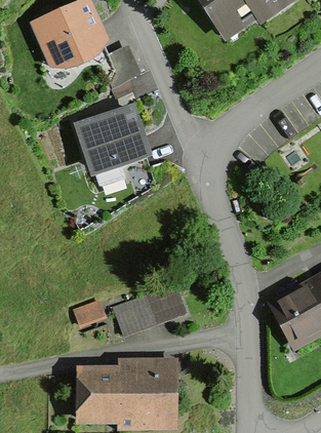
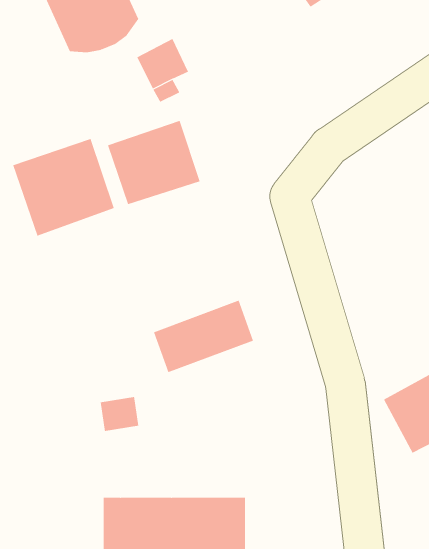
building: none -> [12,138,114,236]
building: [113,284,184,336] -> [153,300,254,373]

